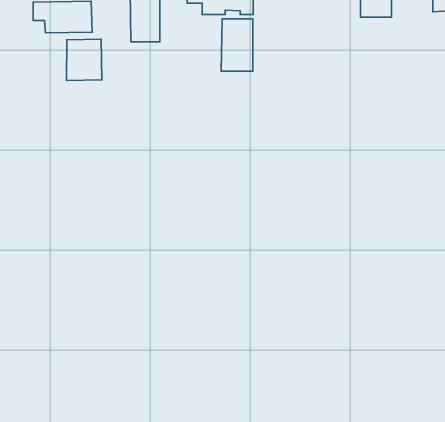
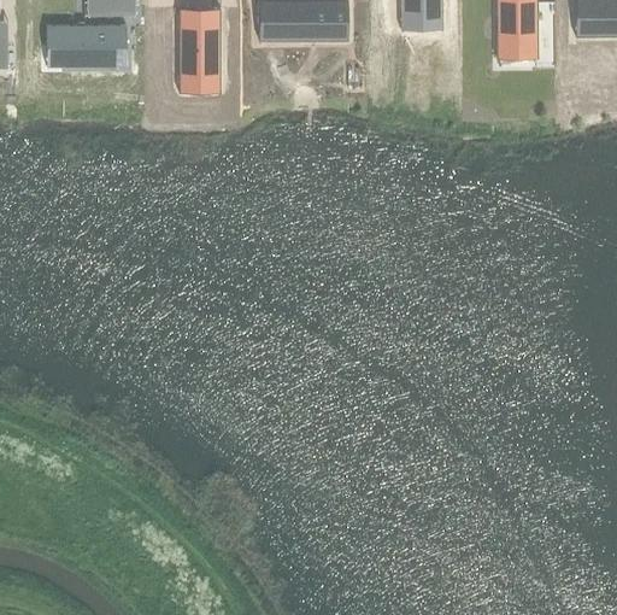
building: [221,19,253,71] -> none
building: [67,39,102,80] -> none

